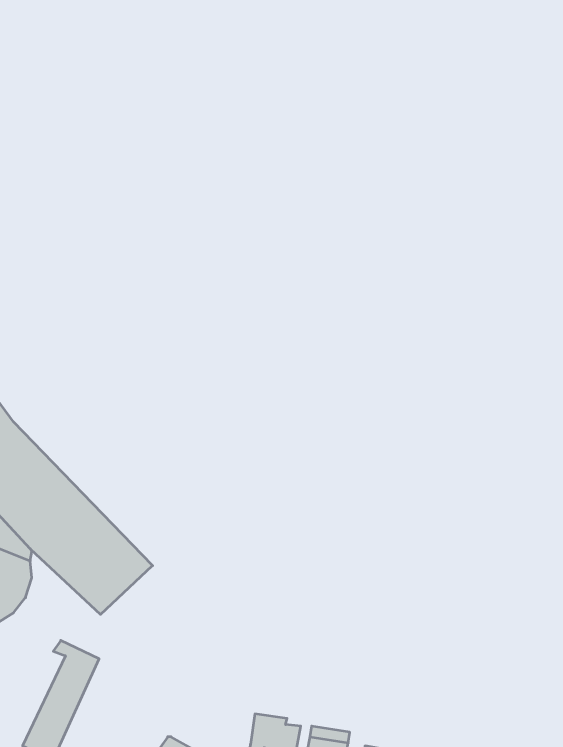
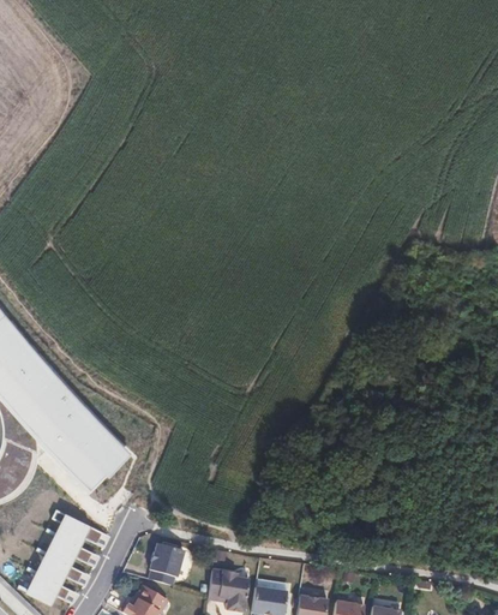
building: none -> [148,542,184,584]

